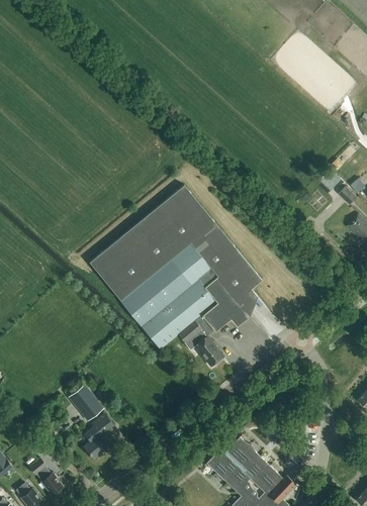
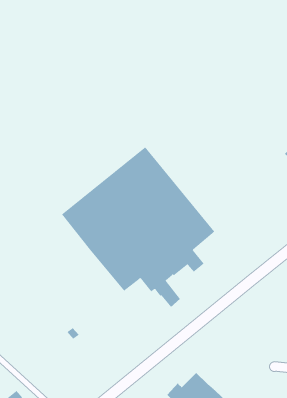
building: [70,386,102,419] -> none
building: [84,414,114,459] -> none

